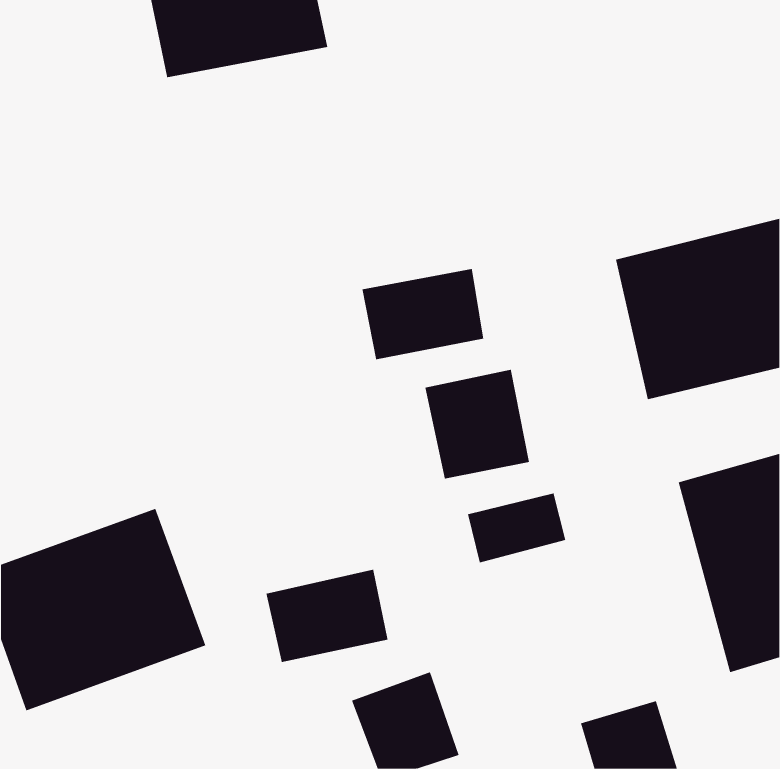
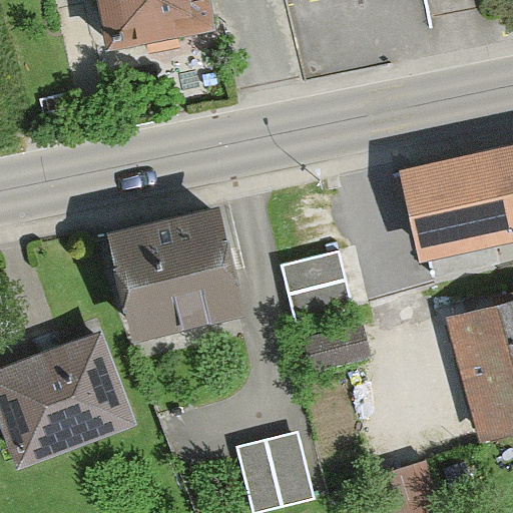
building: [362,268,484,360] -> none
building: none -> [107,209,240,340]
building: [266,569,388,663] -> none

